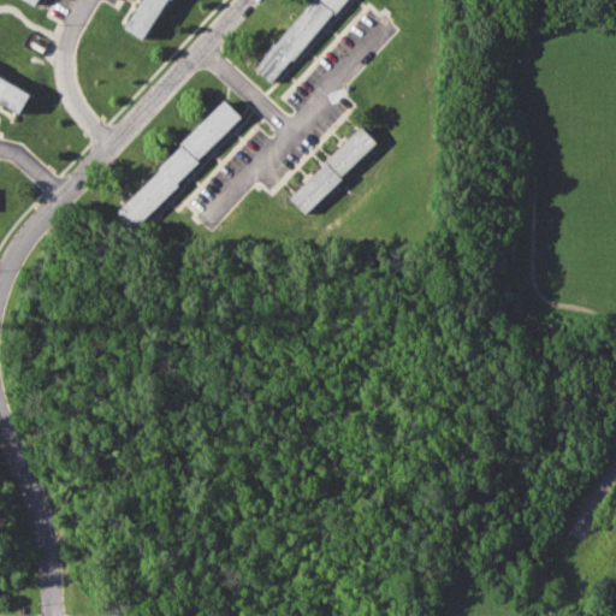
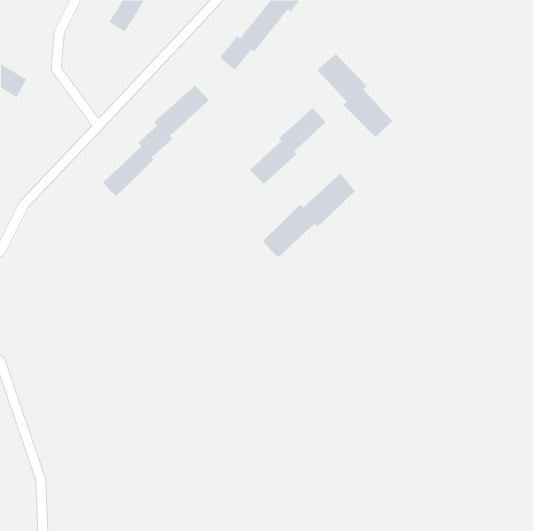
building: none -> [317,53,393,138]
building: none -> [262,173,356,258]

